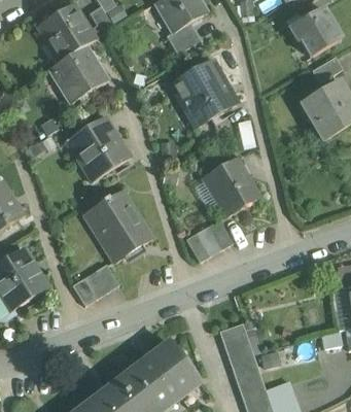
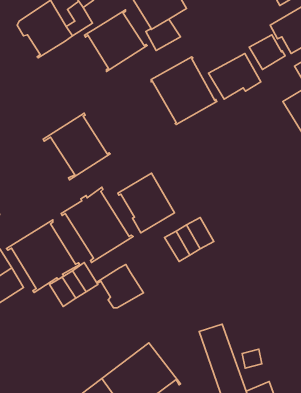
building: none -> [249,35,285,69]
building: [47,44,109,105] -> [85,10,147,72]
building: none -> [208,53,261,99]
building: [204,158,259,216] -> [118,173,174,233]
building: none -> [7,220,80,292]
building: none -> [98,265,143,308]

